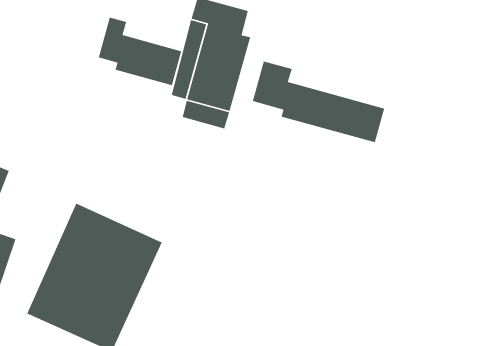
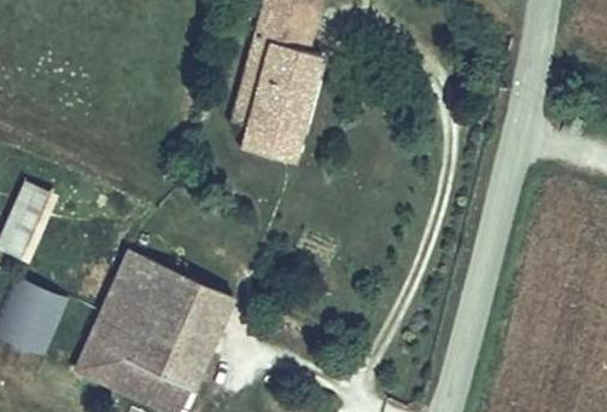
building: [98,17,182,86] -> none
building: [252,60,385,143] -> none

